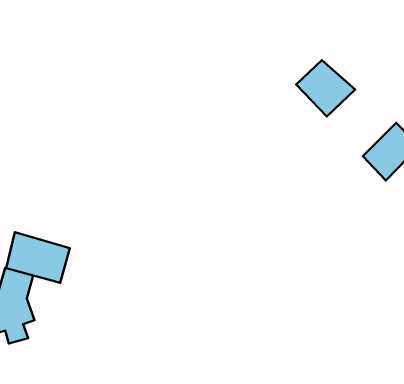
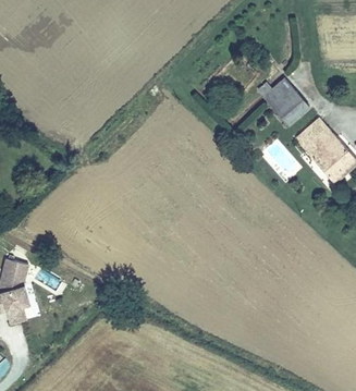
building: none -> [290,119,335,162]
building: [6,232,70,283] -> none

